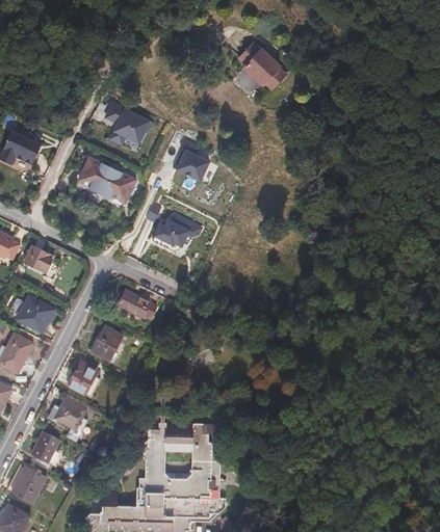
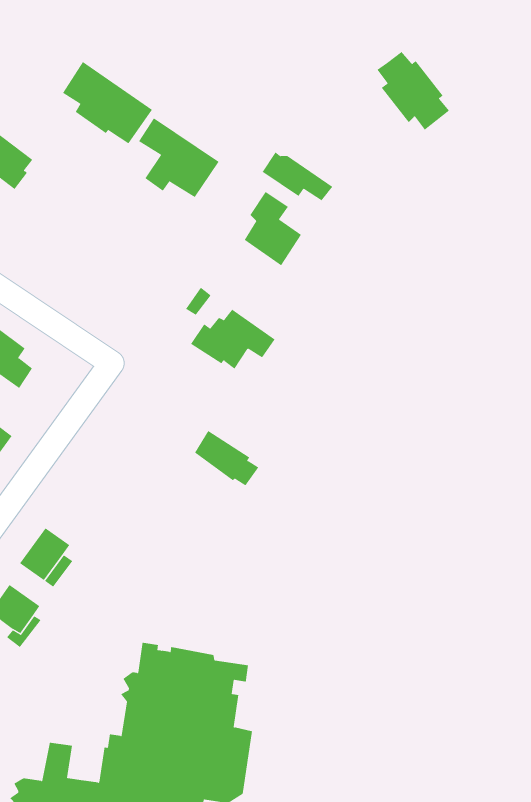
building: none -> [262,151,333,201]
building: [80,157,136,203] -> [62,61,153,144]
building: [118,290,158,320] -> [194,430,259,486]
building: [92,326,123,361] -> none

